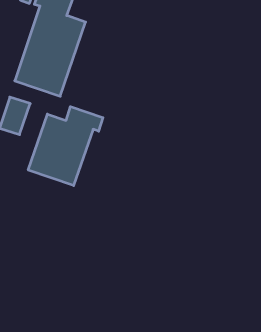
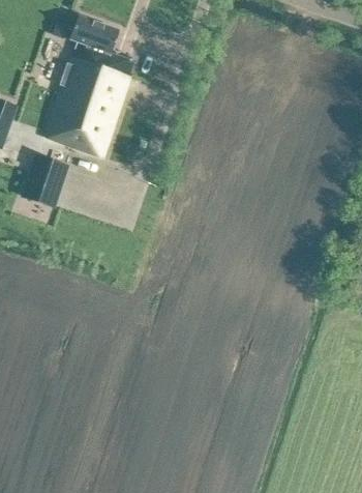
building: [28,107,103,186] -> none

